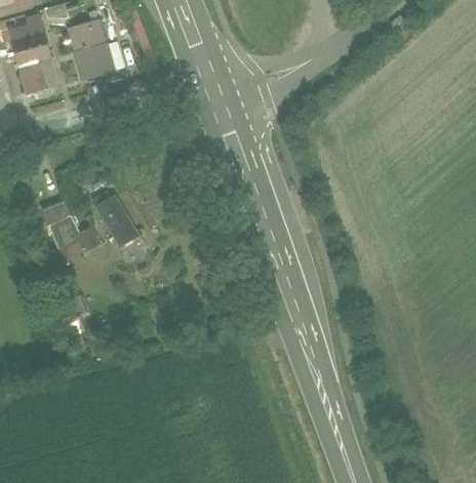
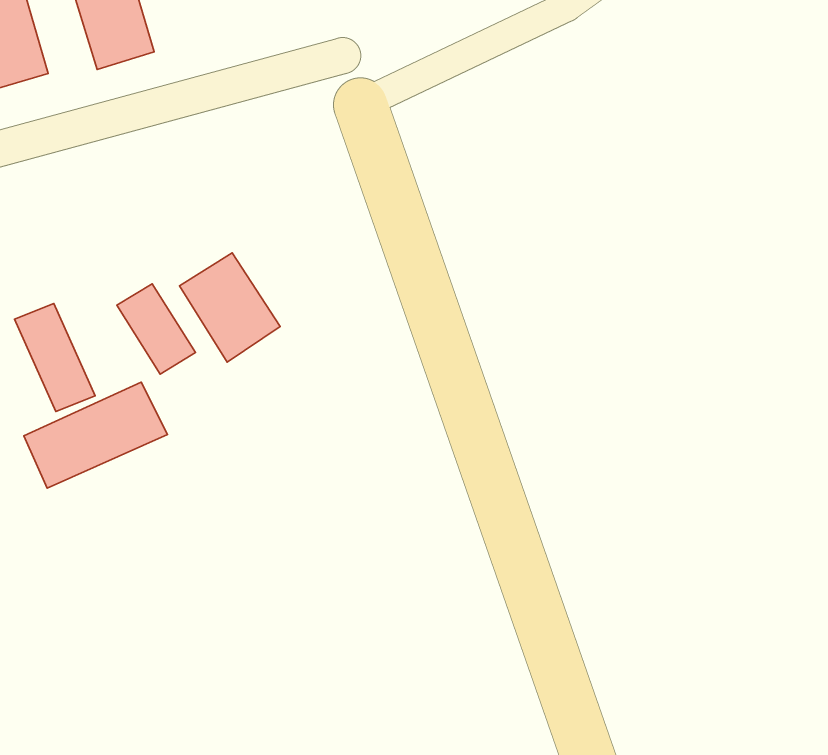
building: none -> [179,253,280,362]
building: none -> [24,382,168,488]

